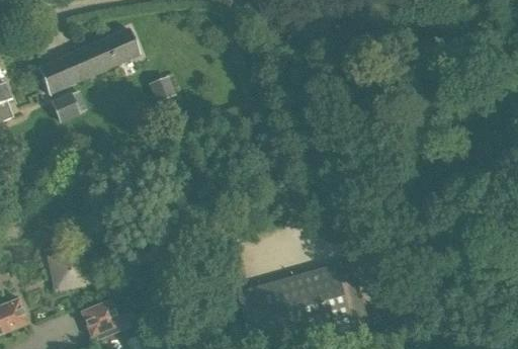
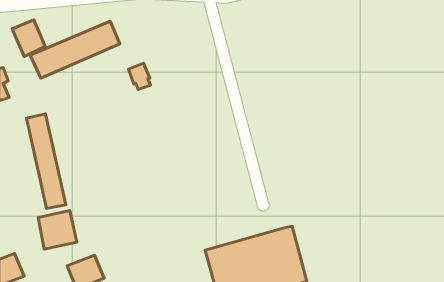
building: none -> [12,20,45,57]
building: [50,90,86,122] -> none
building: none -> [27,114,66,208]

